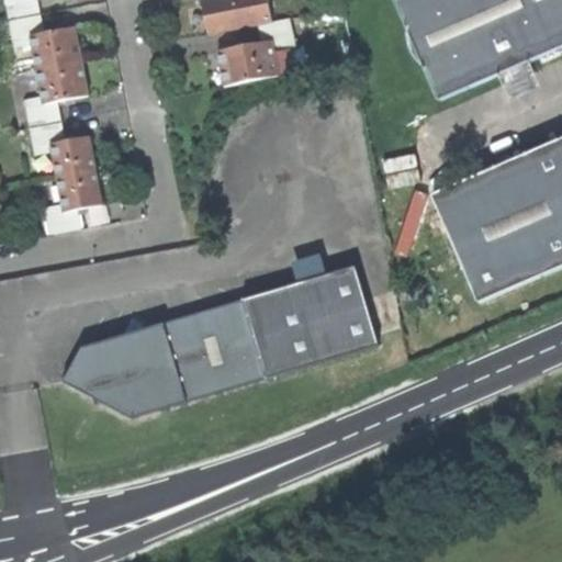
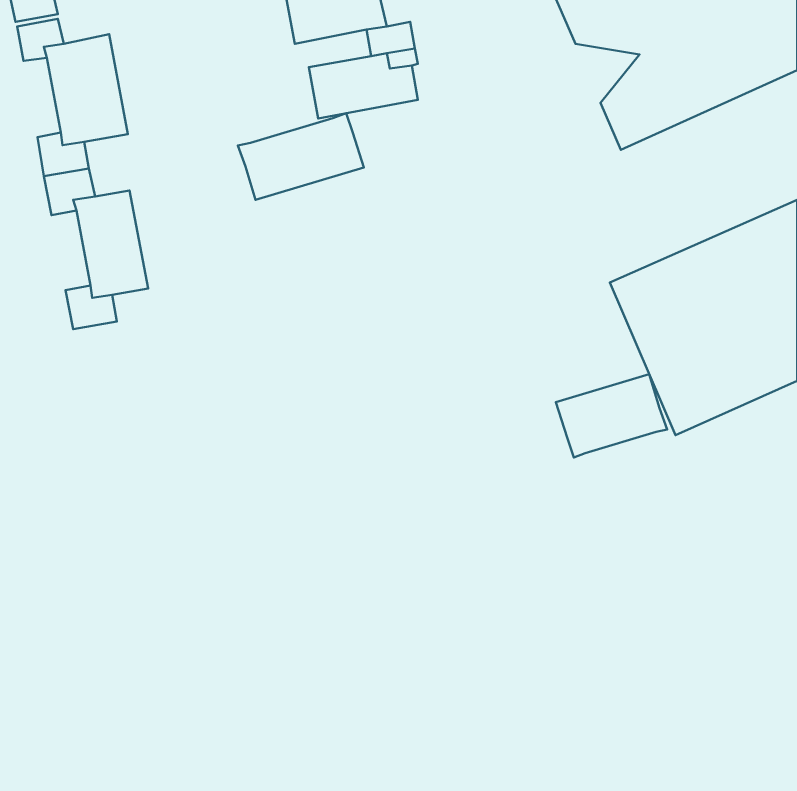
building: none -> [238,113,364,200]
building: none -> [556,374,667,457]
building: [64,263,380,415] -> none

